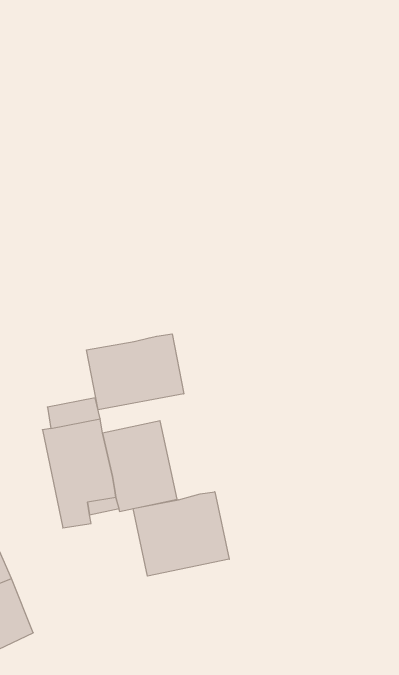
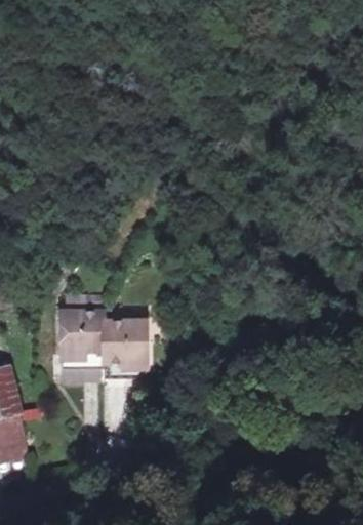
building: [87,334,184,410] -> none
building: [133,492,229,576] -> none

